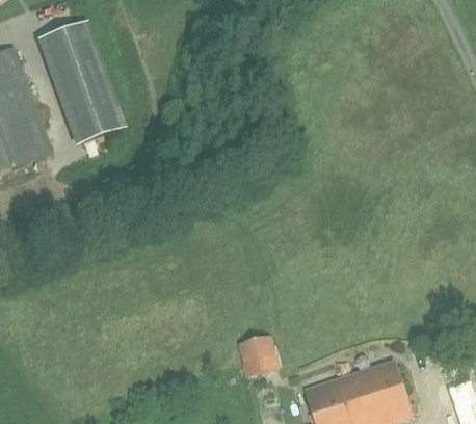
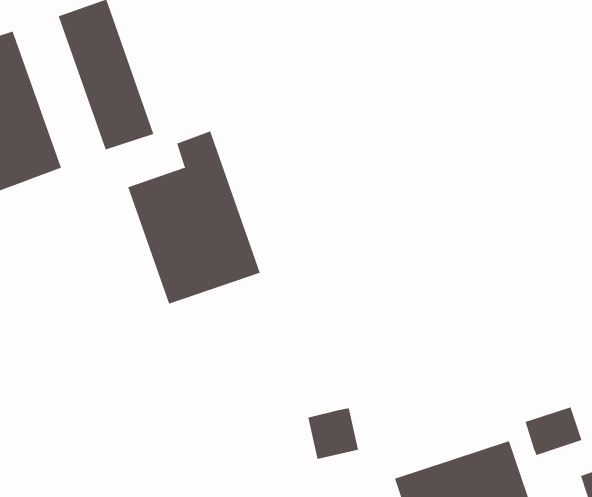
building: none -> [127,131,260,305]
building: none -> [525,406,582,456]

